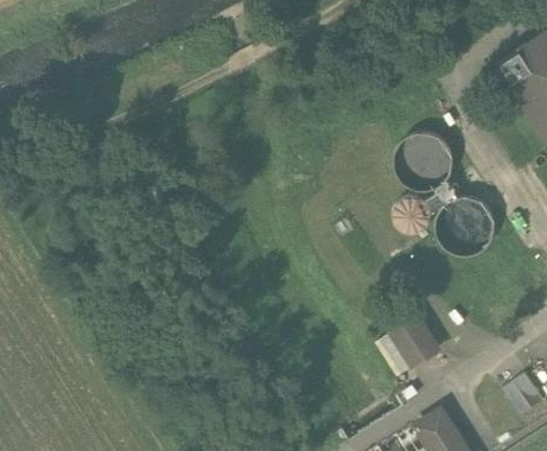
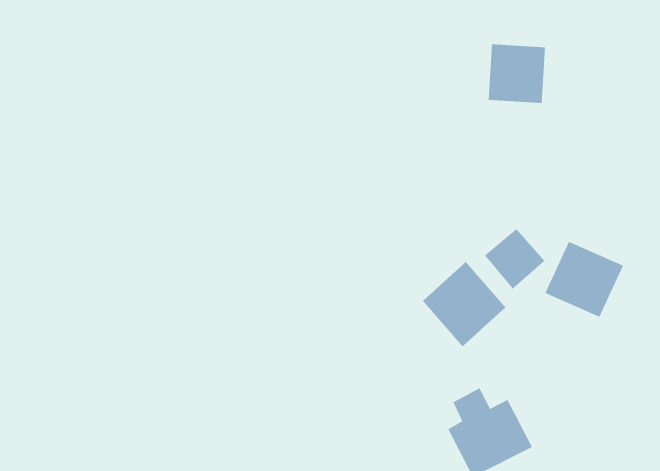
building: [401,134,444,178] -> [488,44,546,103]
building: none -> [422,261,506,347]

